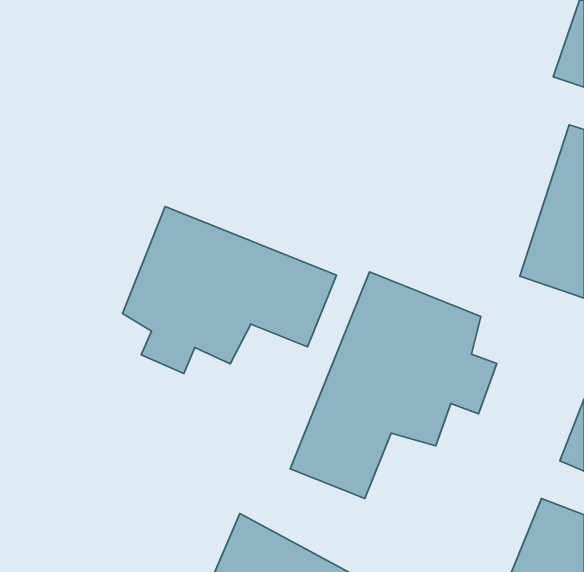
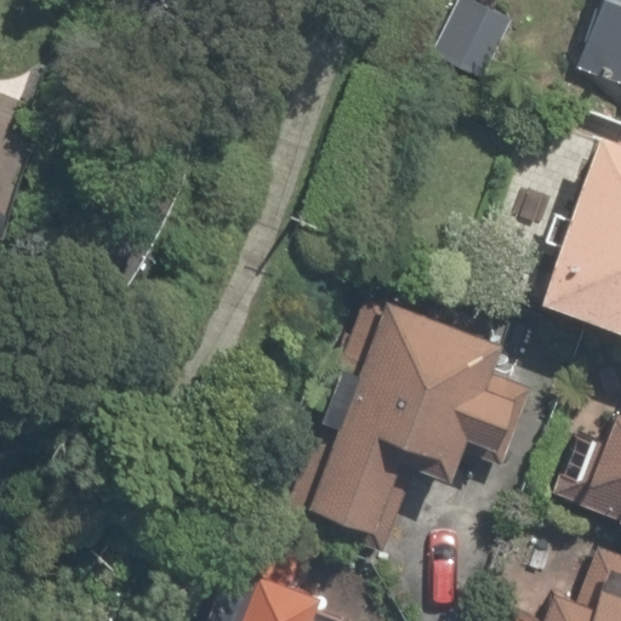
building: [122,207,336,374] -> none

